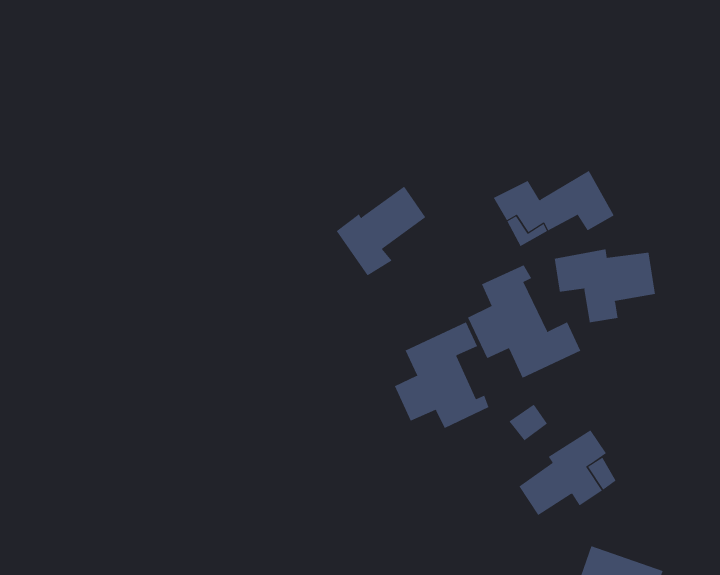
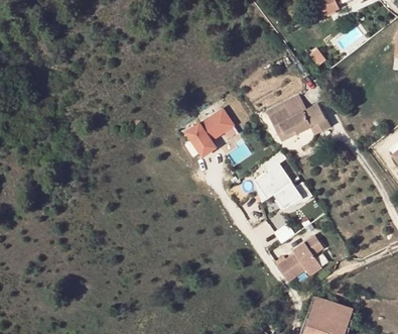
building: [554,249,656,323] -> none
building: [394,321,489,429] -> none

